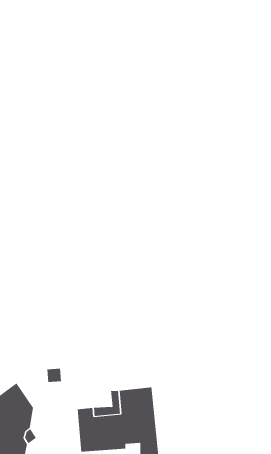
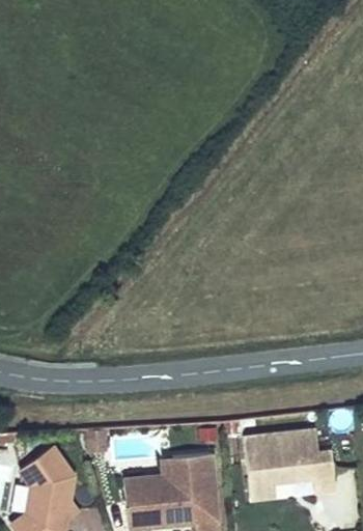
building: none -> [244,429,335,499]

